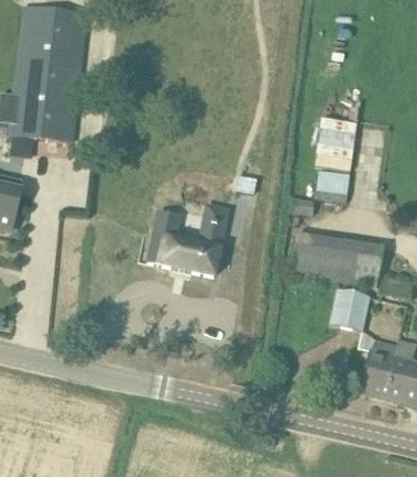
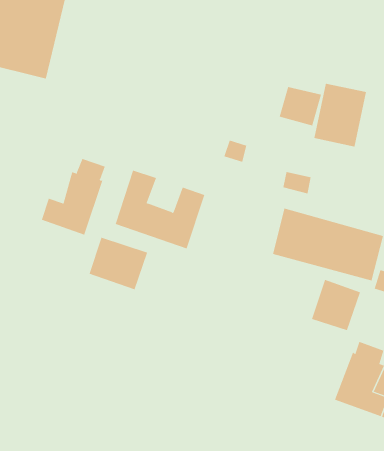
building: [315,170,350,202] -> [279,87,322,126]
building: none -> [41,158,106,235]
building: none -> [89,237,148,290]

